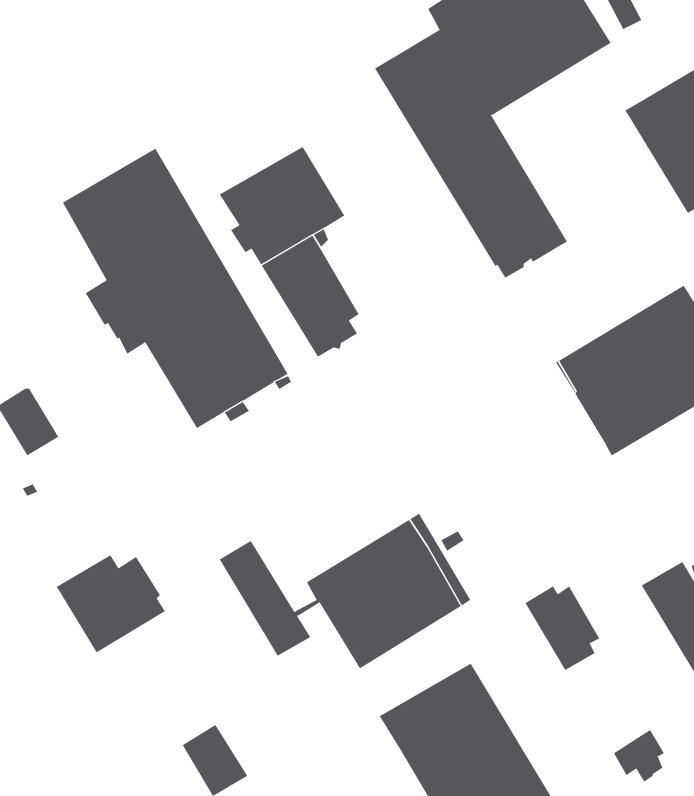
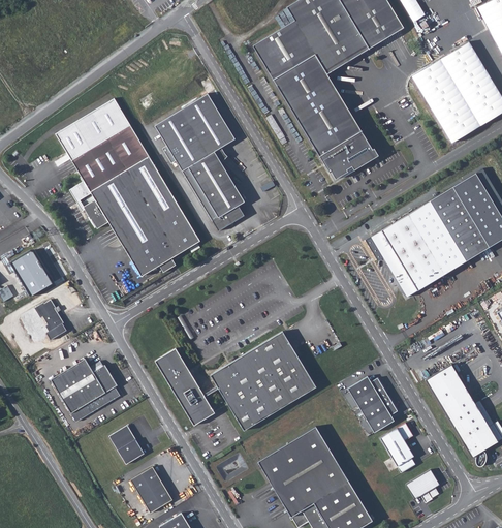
building: none -> [35,299,67,339]
building: none -> [381,423,416,472]
building: none -> [109,426,145,464]

